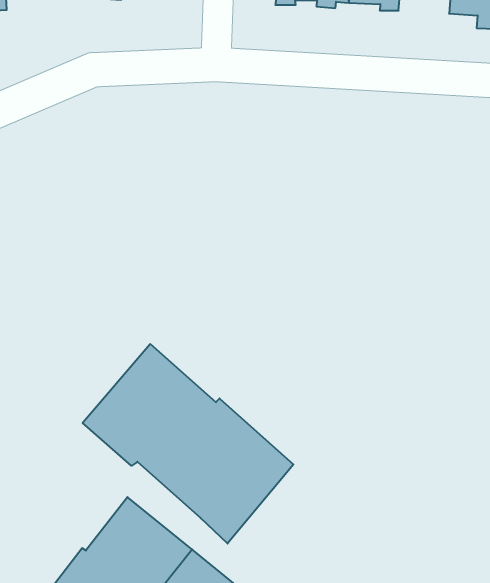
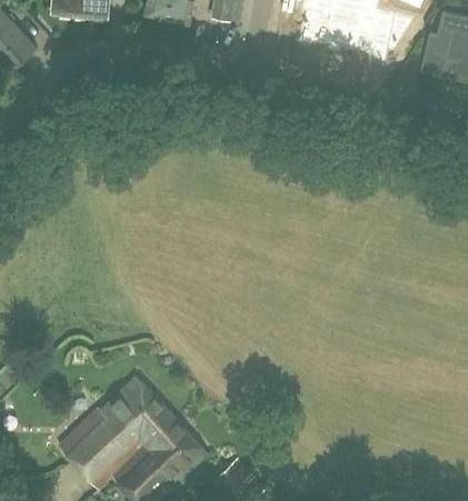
building: [83,344,293,544] -> none

